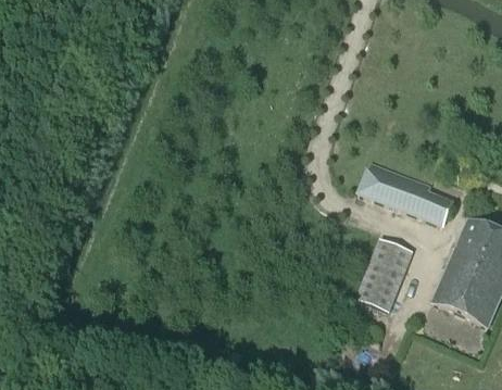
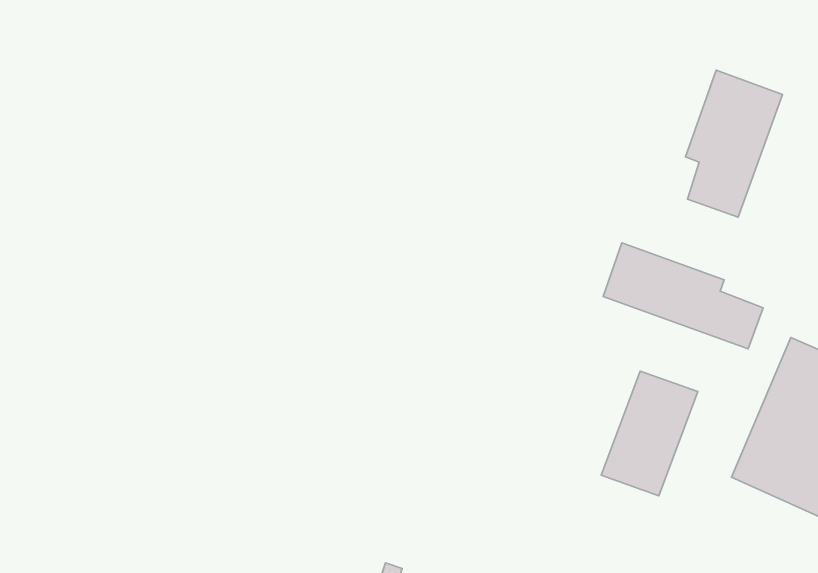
building: none -> [686,70,782,217]

